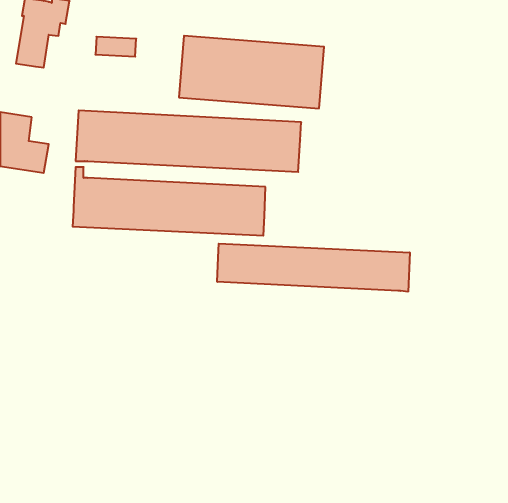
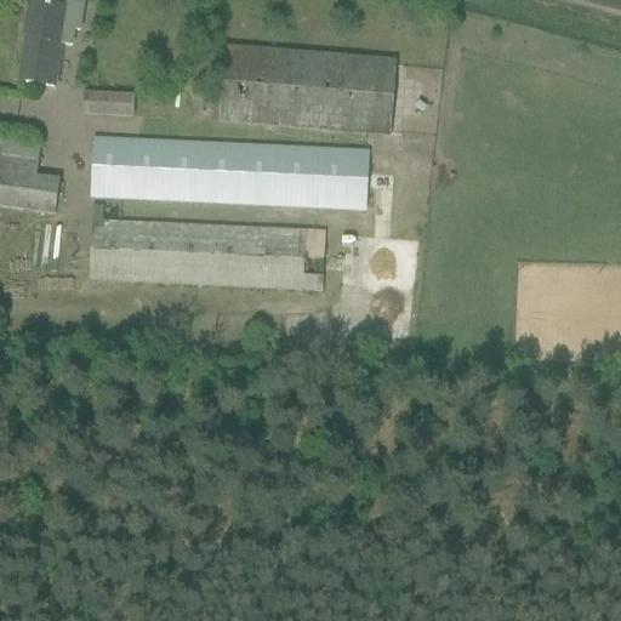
building: [95,37,136,57] -> [84,90,133,114]
building: [217,244,410,292] -> none

